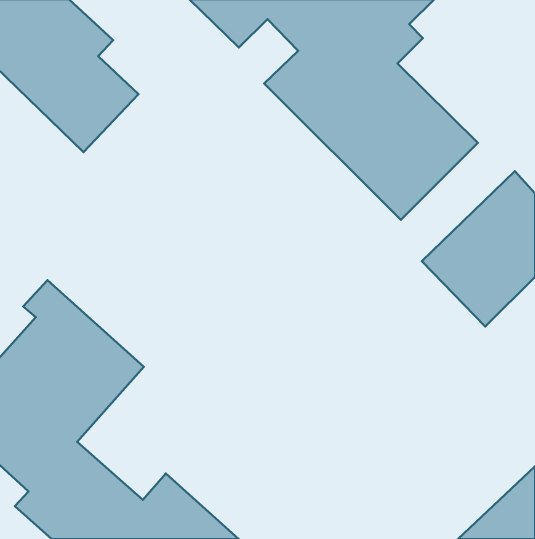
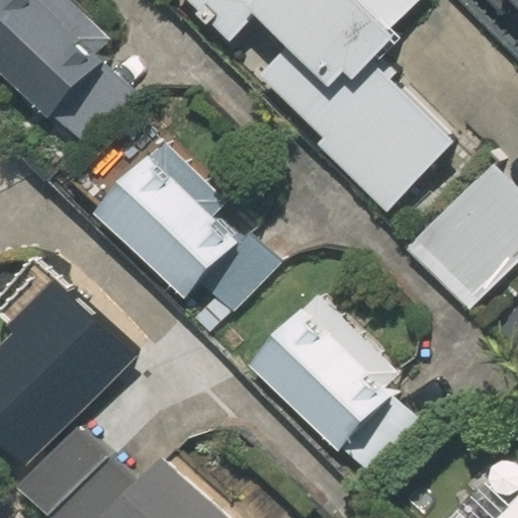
building: none -> [98,148,279,313]
building: none -> [249,300,403,451]

